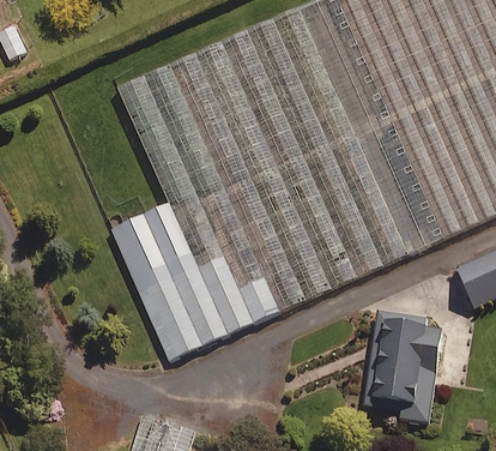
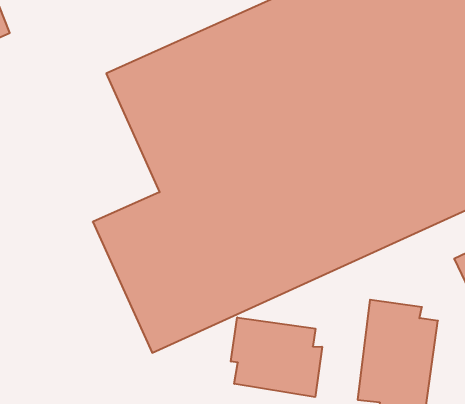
building: none -> [231,317,322,397]

